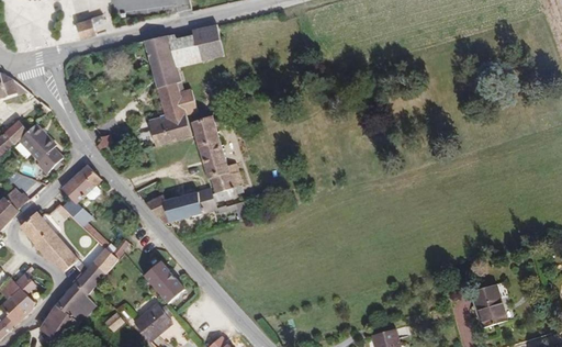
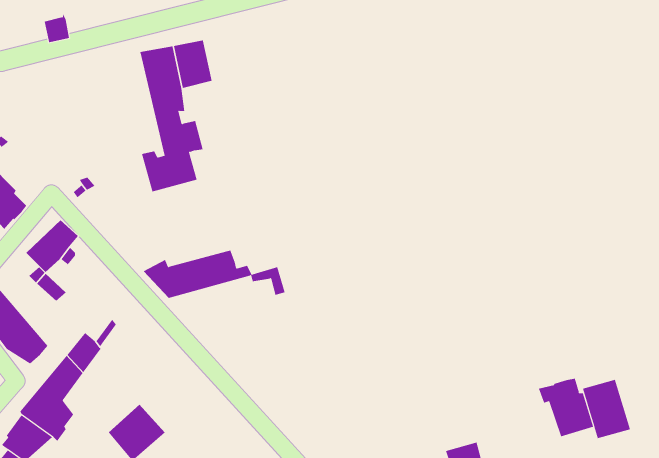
building: [191,31,221,65] -> none
building: [188,119,238,195] -> none
building: [144,261,184,304] -> none
building: none -> [538,378,594,437]

